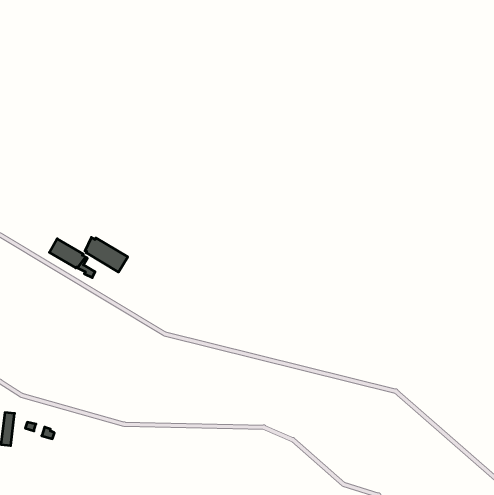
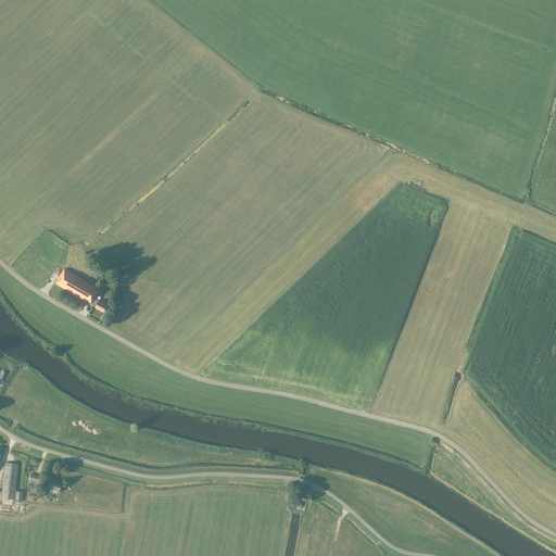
building: [85,237,128,272] -> none

